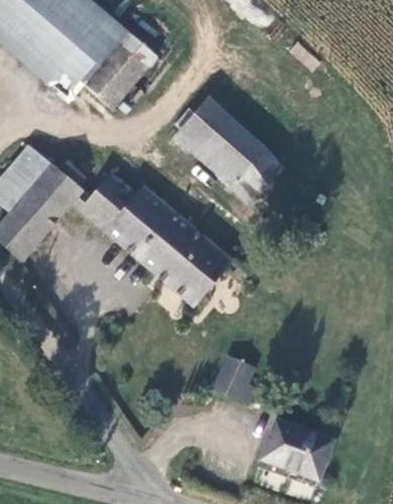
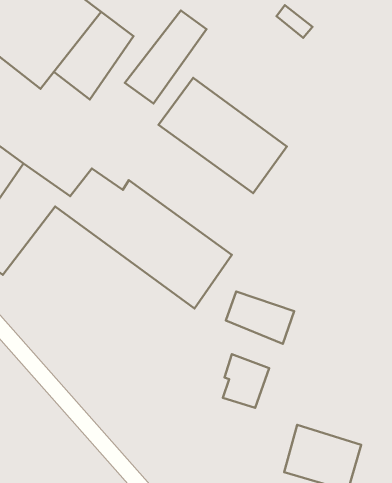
building: none -> [125,10,206,104]
building: none -> [226,292,294,344]

